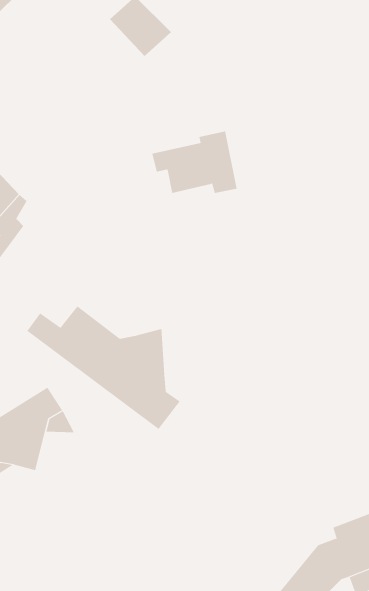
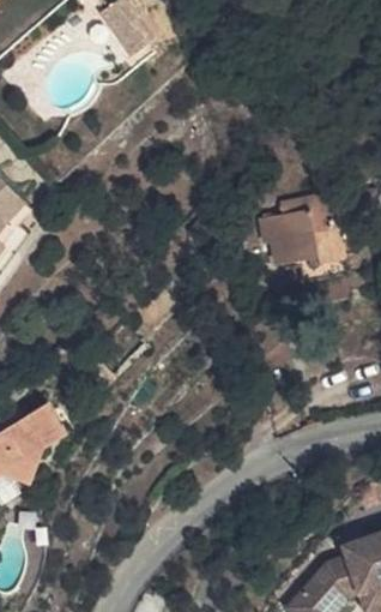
building: [151,131,238,194] -> [258,194,345,258]
building: [26,305,181,430] -> none

